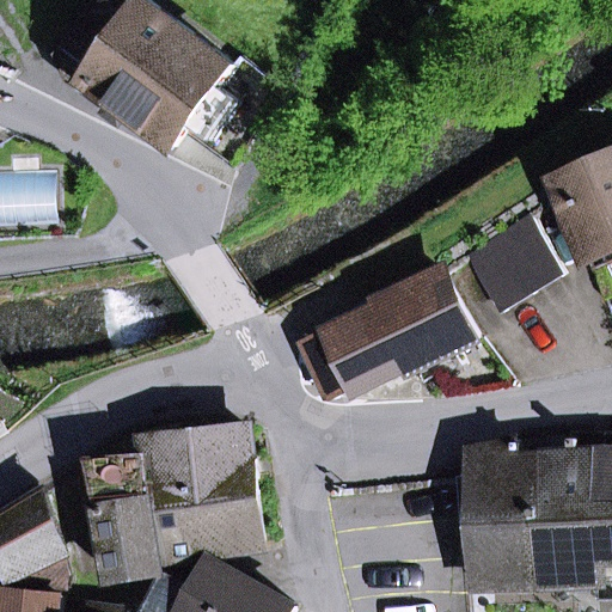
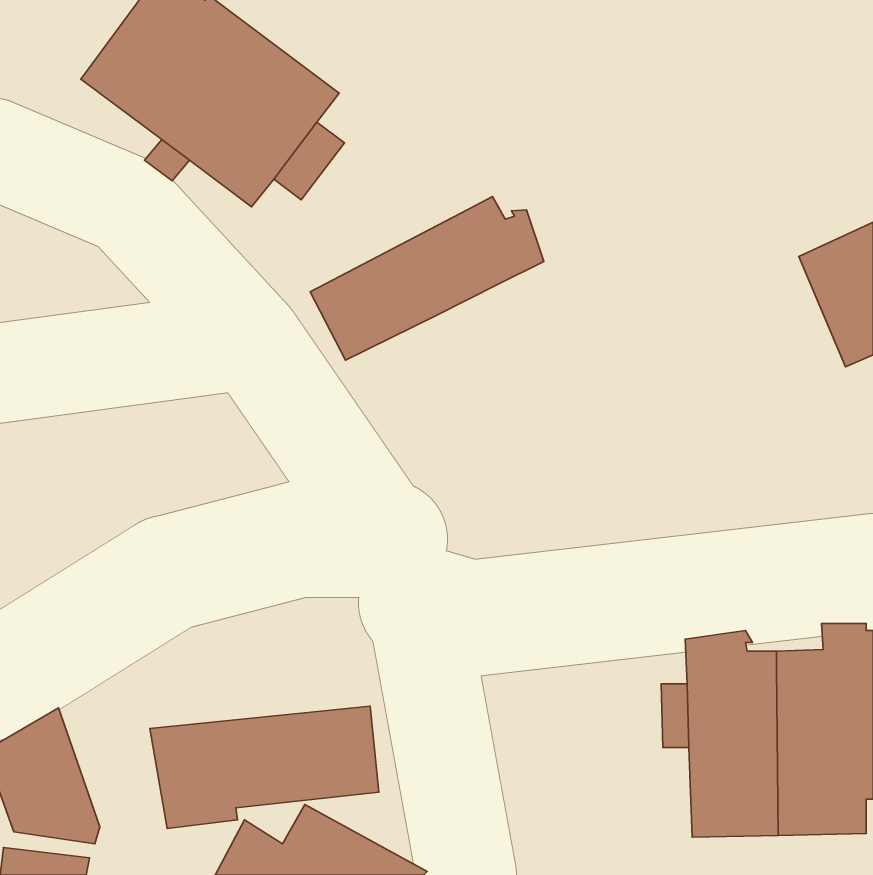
building: none -> [310,196,544,360]
building: [467,216,563,308] -> none
building: [304,267,477,394] -> none
building: [94,427,257,506] -> none

